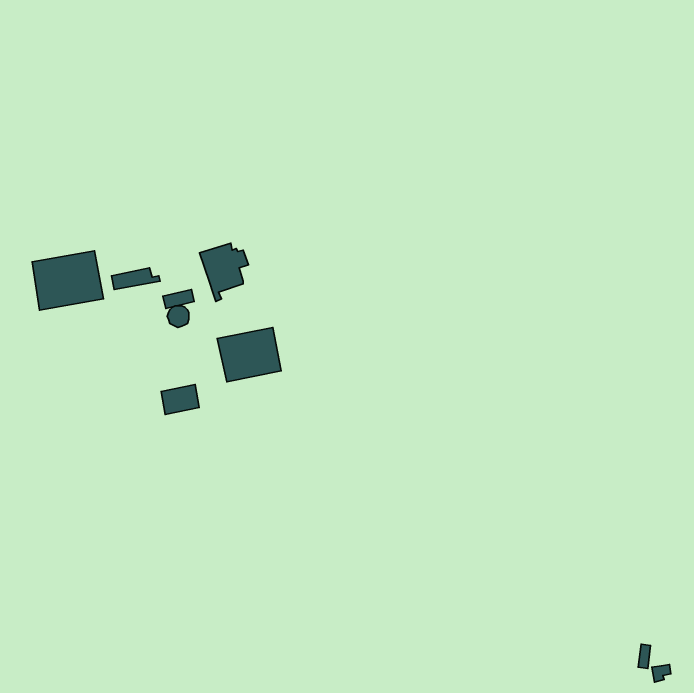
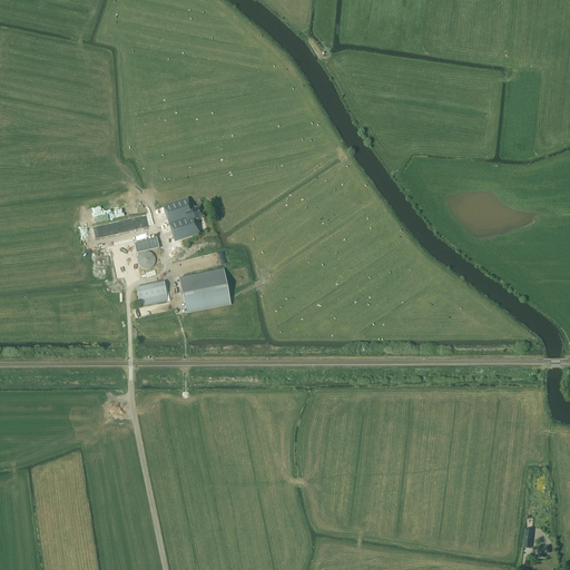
building: [32,251,103,310] -> none
building: [161,385,199,414] -> [136,281,167,305]

